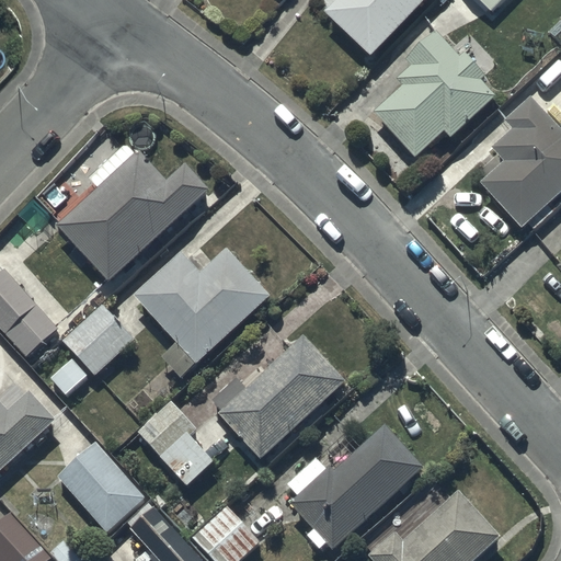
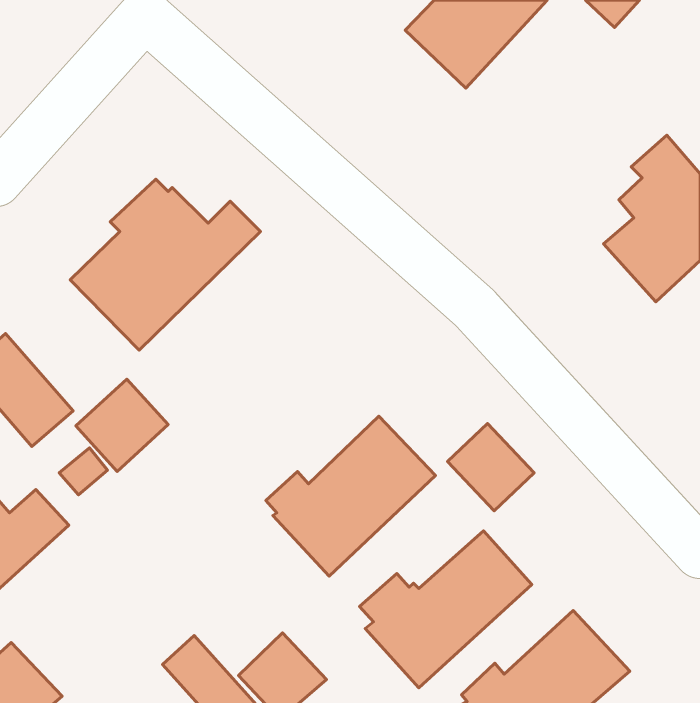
building: [371,43,493,169] -> none
building: [133,245,270,377] -> none
building: none -> [448,424,534,511]
building: [137,401,213,485] -> none
building: [57,442,144,530] -> none

